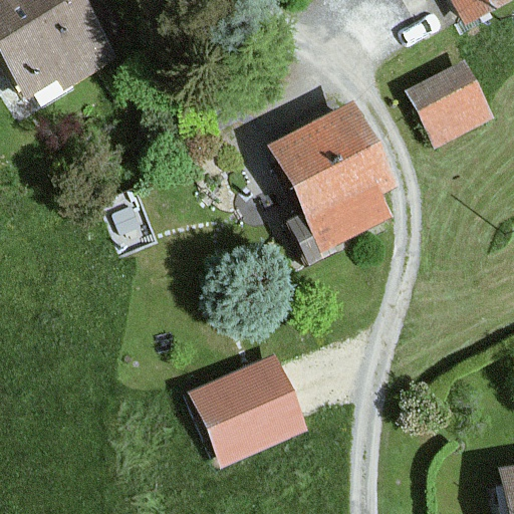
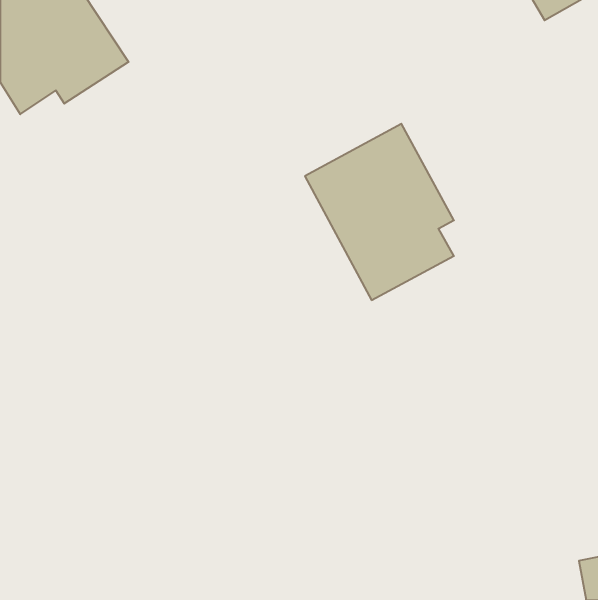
building: [412,57,497,141] -> none
building: [188,354,306,465] -> none

